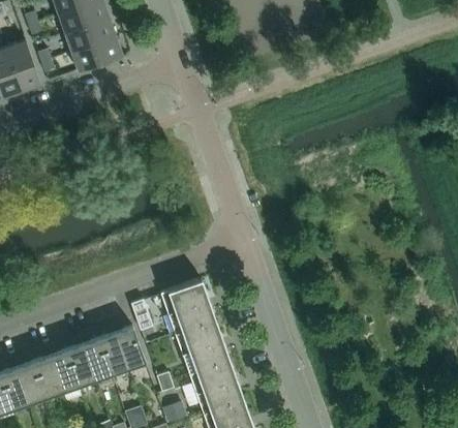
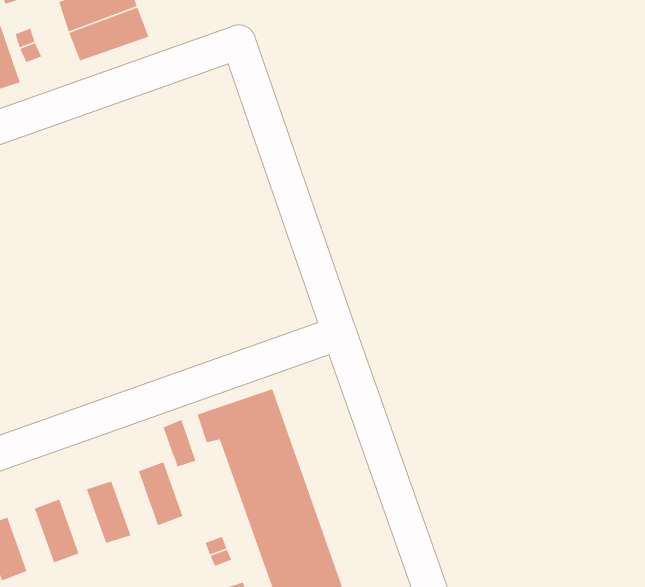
building: [99,332,128,373] -> none
building: [66,343,95,385] -> none
building: [33,356,62,396] -> none

